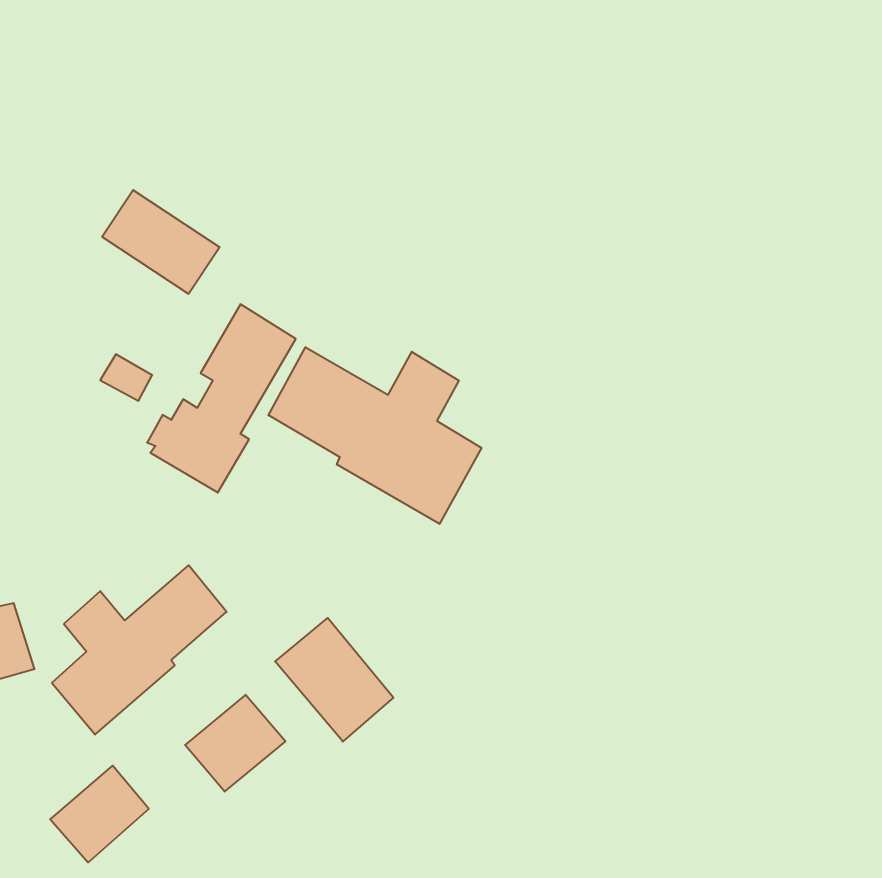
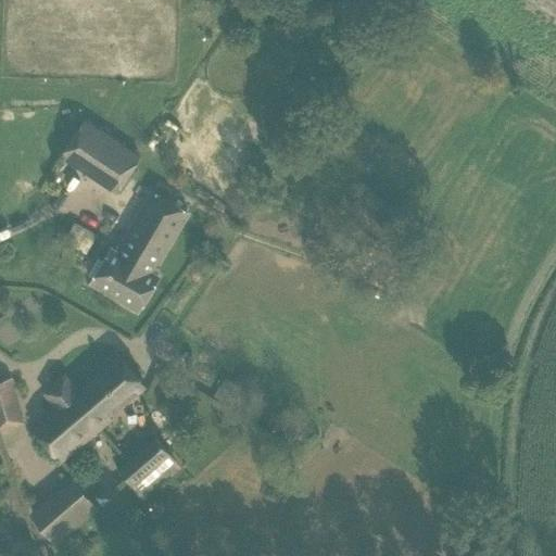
building: [268,347,482,524] -> none
building: [275,618,393,742] -> none

